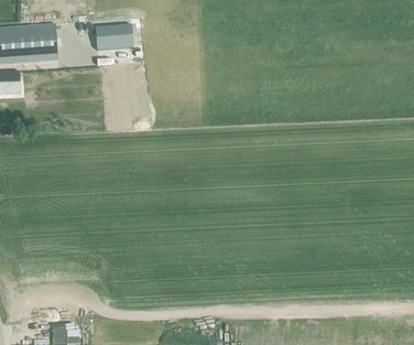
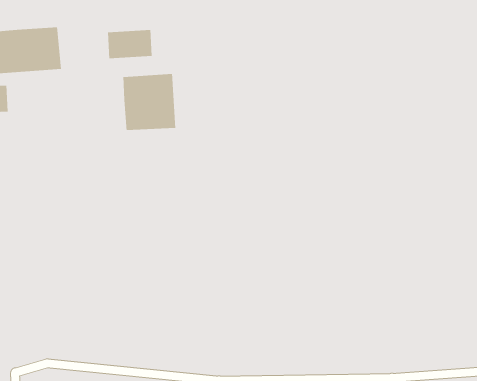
building: none -> [123,73,176,131]

